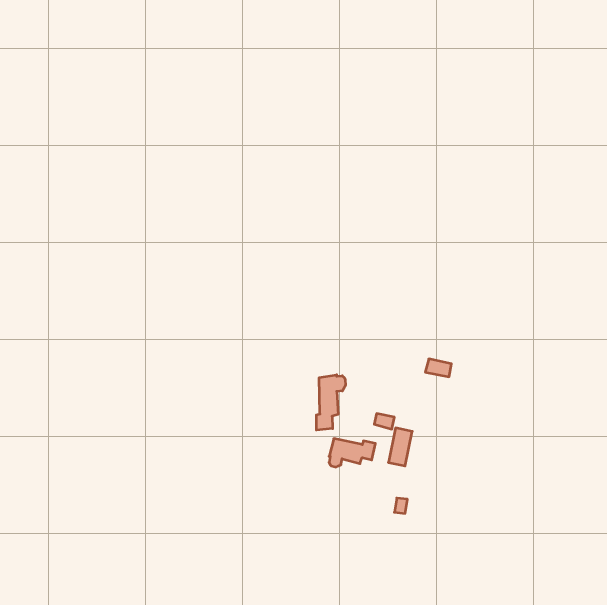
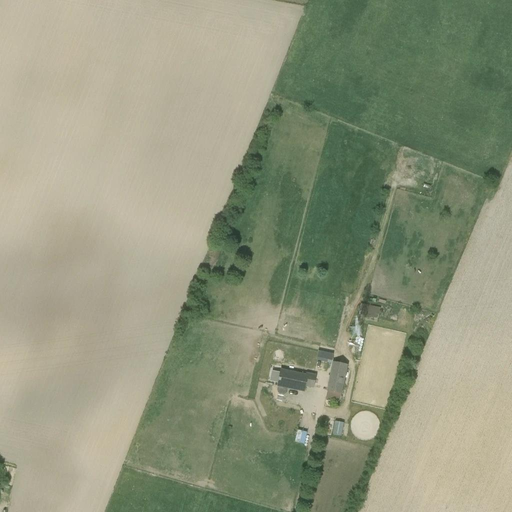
building: [316,375,345,430] -> none

